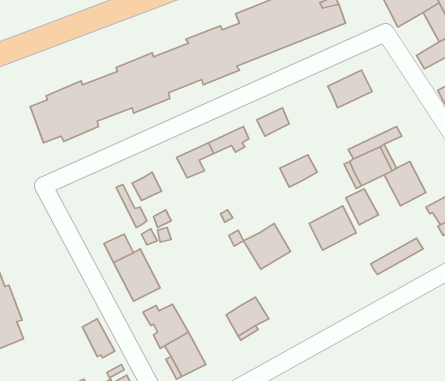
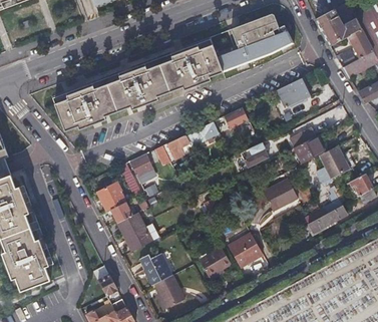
building: [346,189,378,225] -> none
building: none -> [96,180,124,210]
building: [243,223,290,269] -> [228,233,263,267]

